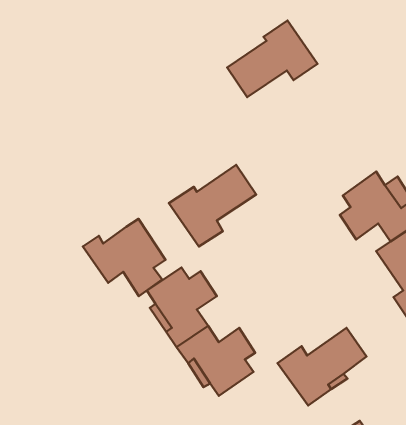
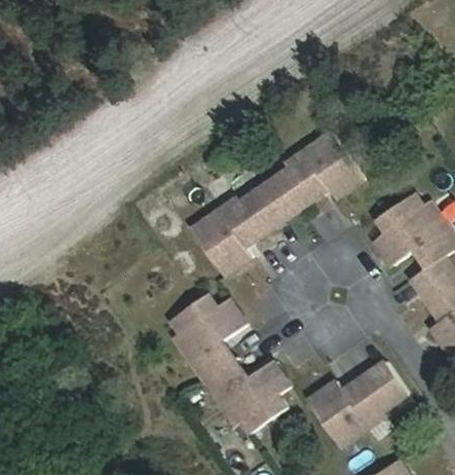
building: [227,21,317,97] -> [265,135,362,217]
building: [83,219,166,296] -> none

